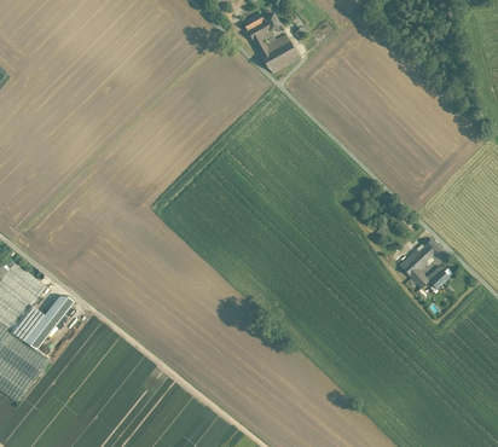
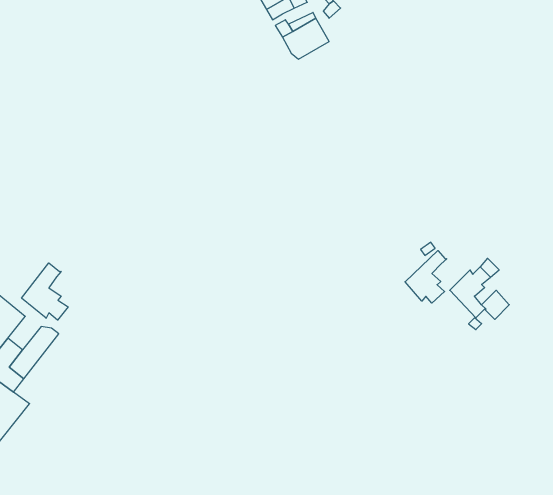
building: none -> [405,251,447,303]
building: none -> [22,263,68,320]

